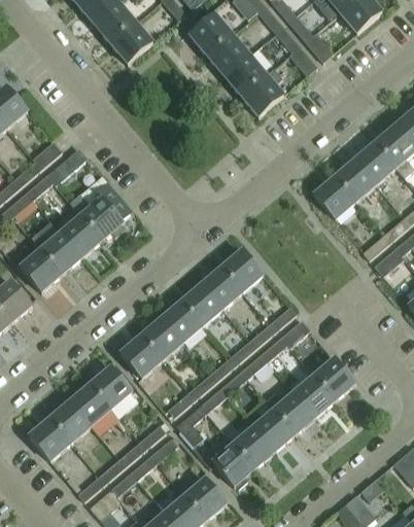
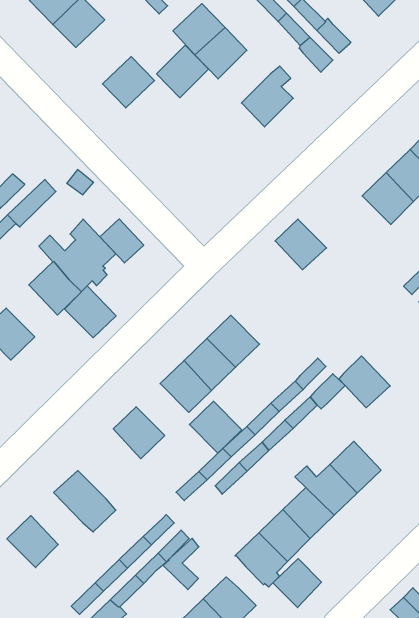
building: [110,22,152,63] -> [102,57,155,108]
building: [223,54,266,96] -> [157,45,209,98]
building: [314,177,355,218] -> [275,219,327,270]
building: none -> [100,219,144,263]
building: [40,232,81,274] -> [65,286,116,338]
building: [221,249,263,291] -> none
building: [140,318,182,360] -> [189,401,242,453]
building: [314,357,355,399] -> [339,356,390,408]
building: [90,364,132,409] -> none
building: [49,400,91,443] -> none
building: [175,403,205,445] -> [163,538,199,590]
building: none -> [273,559,321,608]

